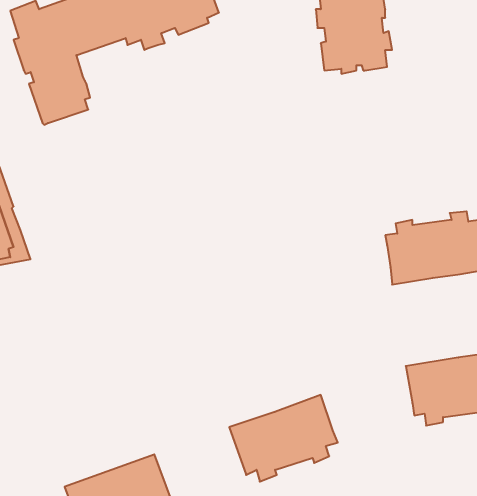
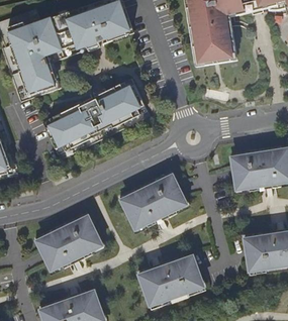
building: none -> [44,82,142,150]
building: none -> [121,175,186,230]
building: none -> [37,216,101,271]

